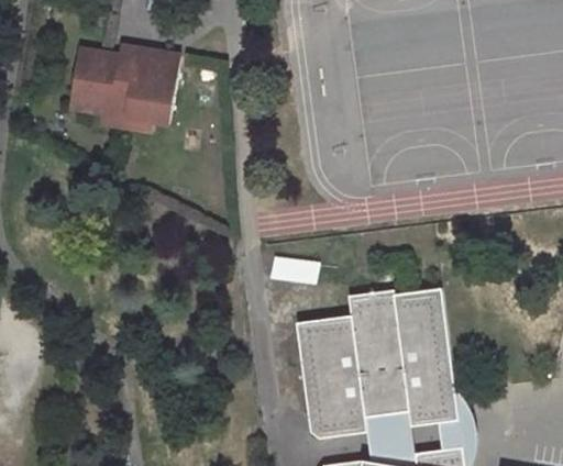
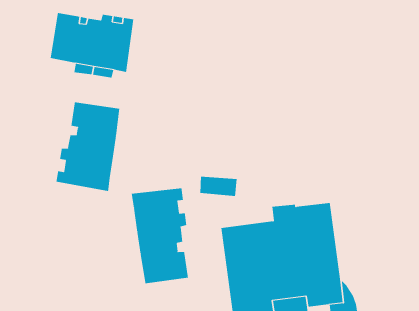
building: none -> [56,101,120,192]
building: none -> [131,187,189,284]

